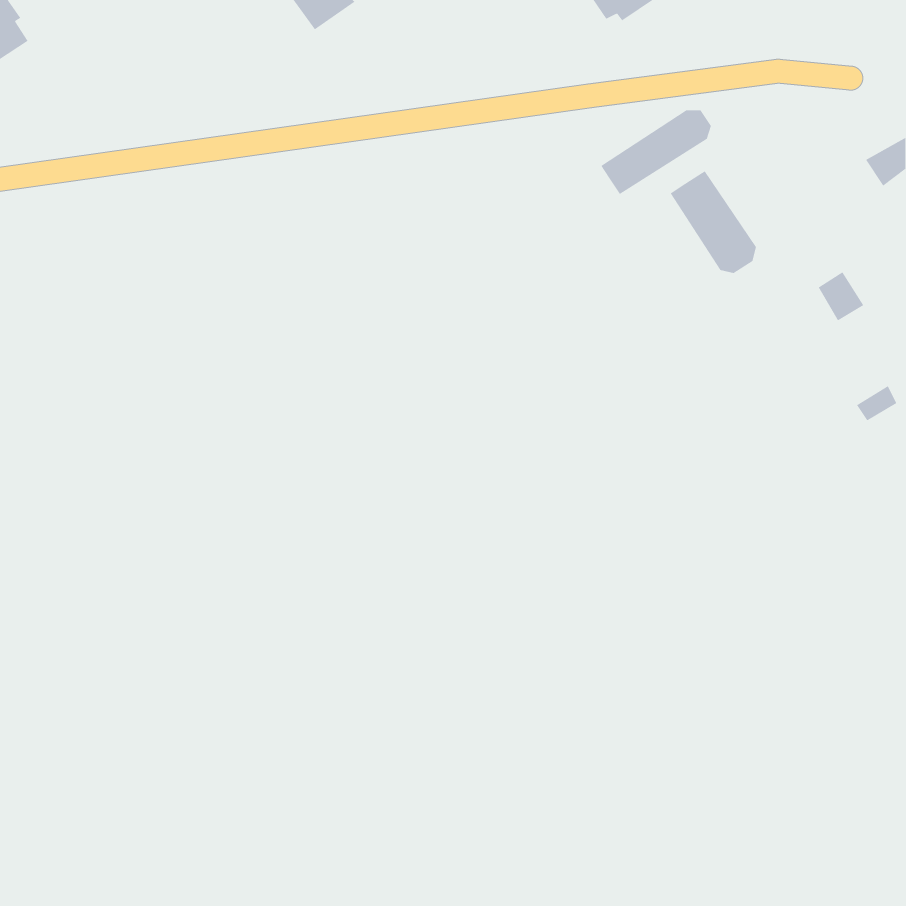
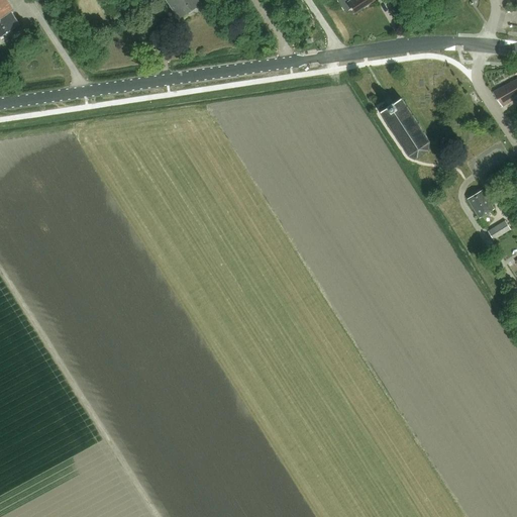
building: [601,110,712,195] -> none
building: [818,271,864,321] -> [468,189,494,217]

